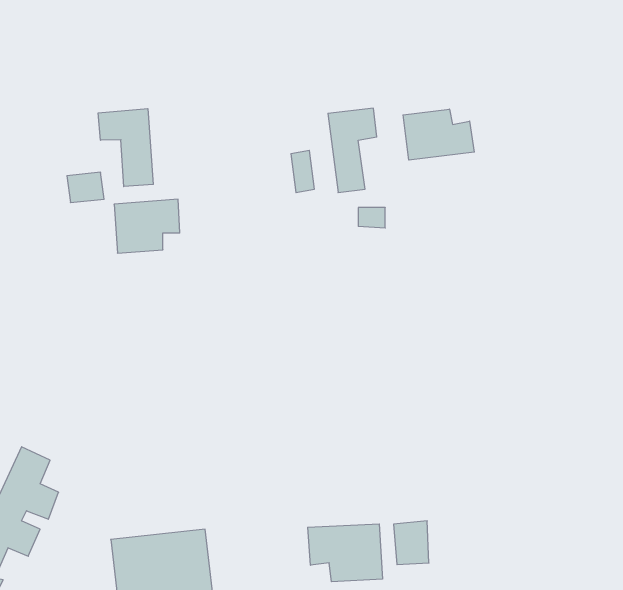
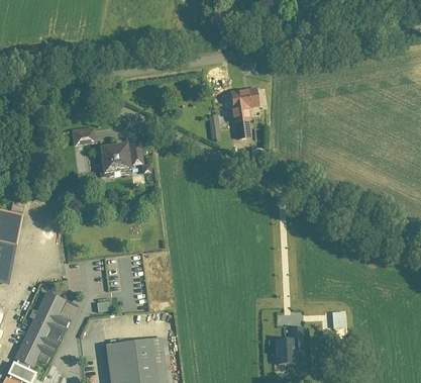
building: [98,109,153,187] -> none
building: [403,109,474,160] -> none
building: [308,524,382,582] -> none

